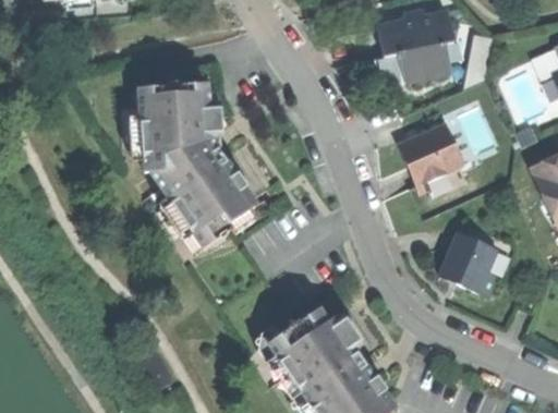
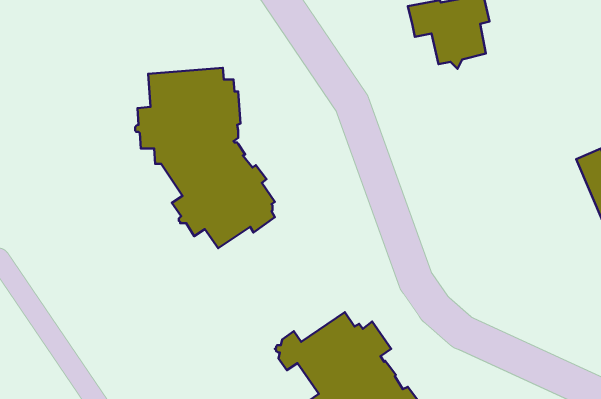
building: [398,122,463,181] -> none
building: [439,231,496,295] -> none

